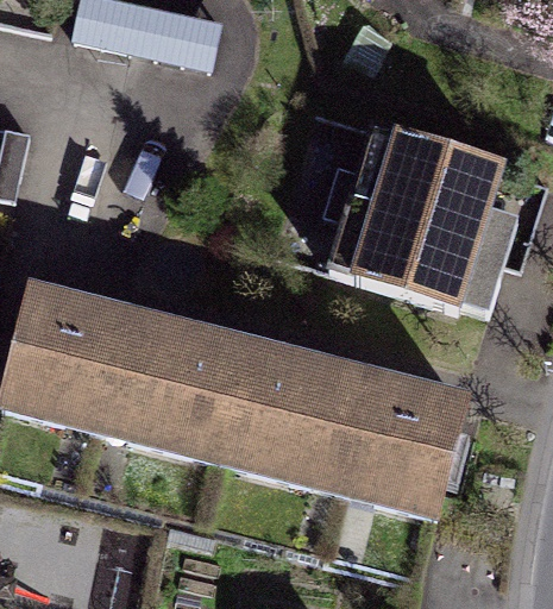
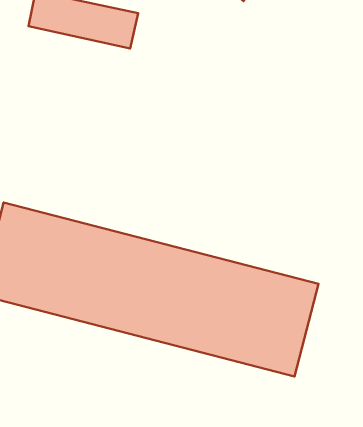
building: [331,126,516,313] -> none

